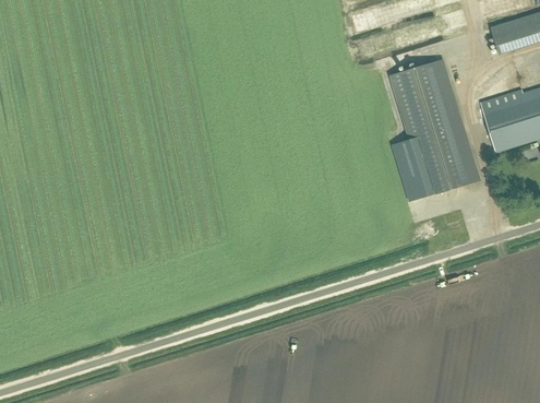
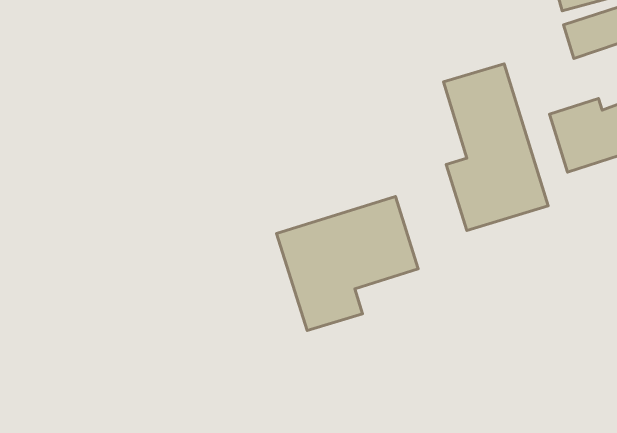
building: none -> [277,197,418,330]

